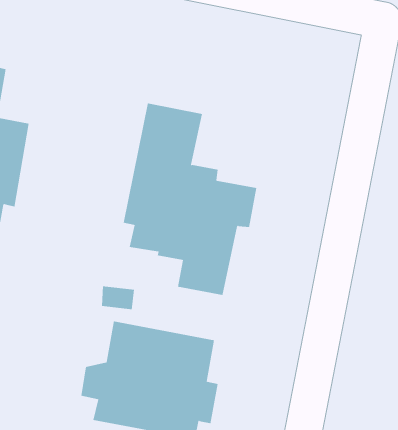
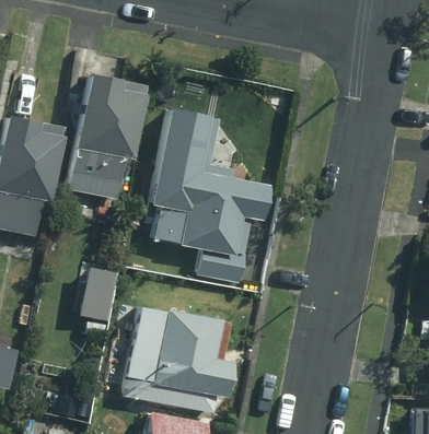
building: none -> [71,74,148,200]
building: none -> [76,259,117,320]

